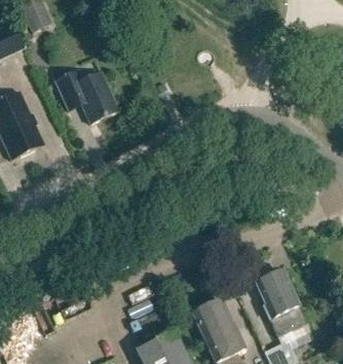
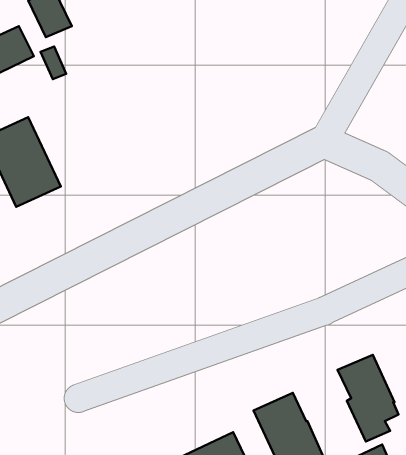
building: [56,71,120,124] -> none

